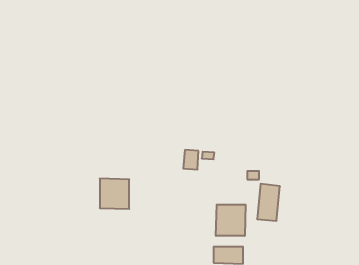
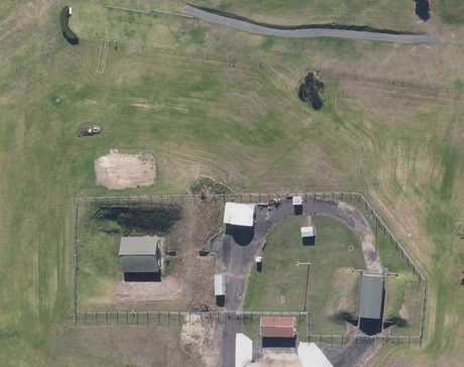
building: [257,184,280,221] -> [357,275,384,320]
building: [216,205,246,236] -> none

